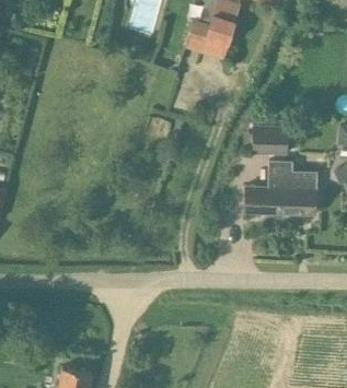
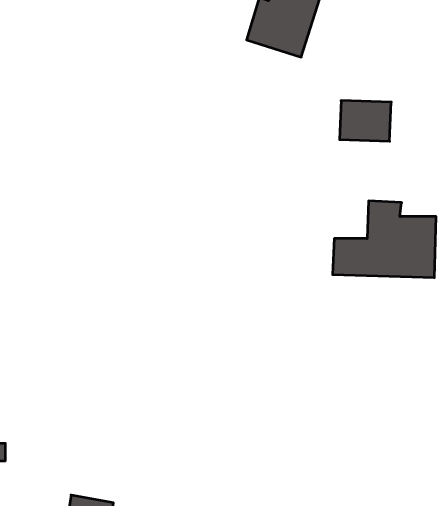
building: [252,127,288,155] -> [340,101,391,141]

